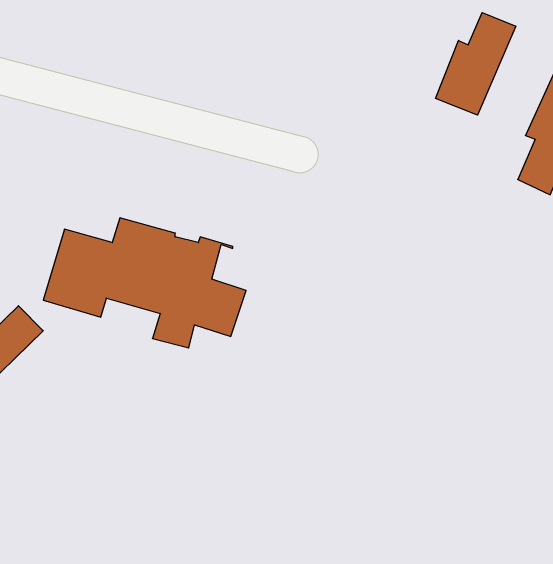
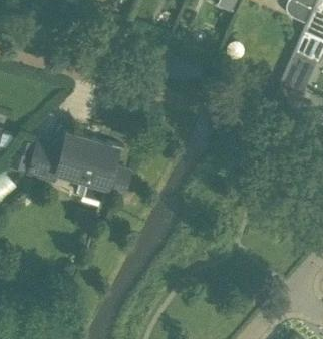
building: [436,13,516,115] -> none

